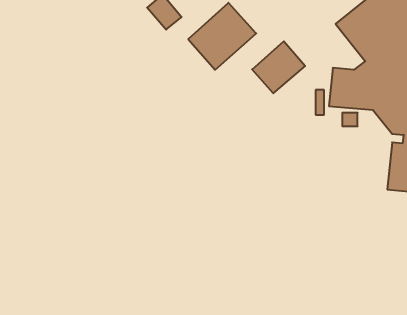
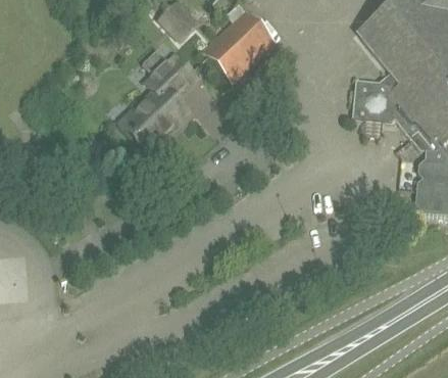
building: [252,41,305,93] -> none
building: none -> [120,55,196,150]

